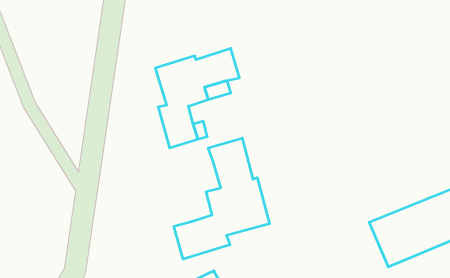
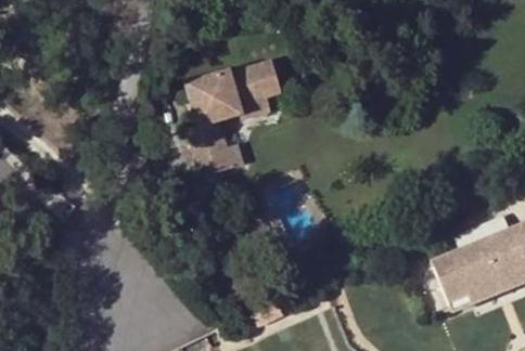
building: [174,138,270,259] -> none

